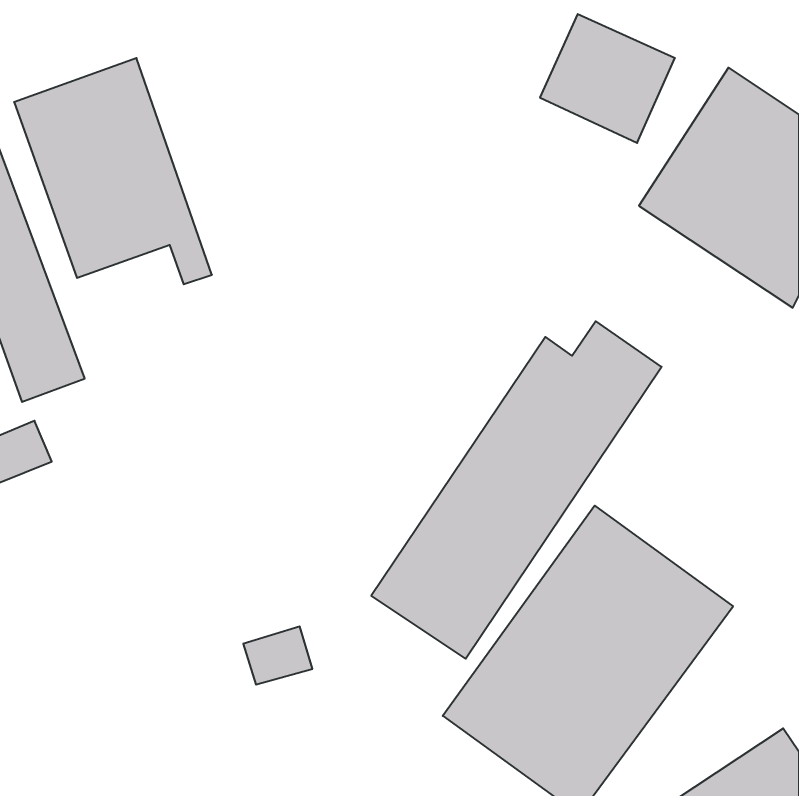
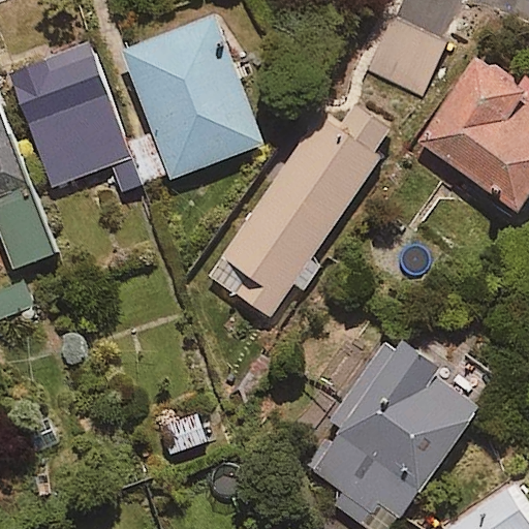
building: none -> [124,15,264,178]
building: [371,321,662,659] -> [209,97,400,319]

